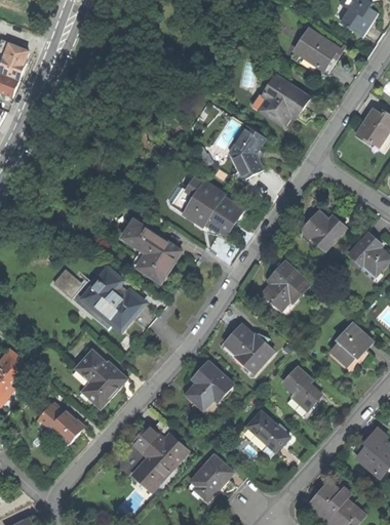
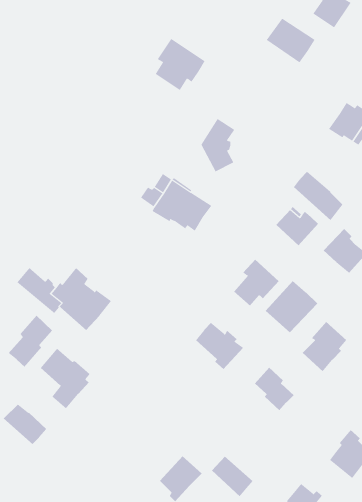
building: [260,74,309,125] -> [155,38,206,91]
building: none -> [293,171,343,221]
building: [121,218,181,281] -> none
building: none -> [265,280,318,333]
building: none -> [8,315,53,368]
building: [185,360,231,408] -> none
building: [246,410,287,450] -> [211,456,253,497]
building: [132,421,186,487] -> none

